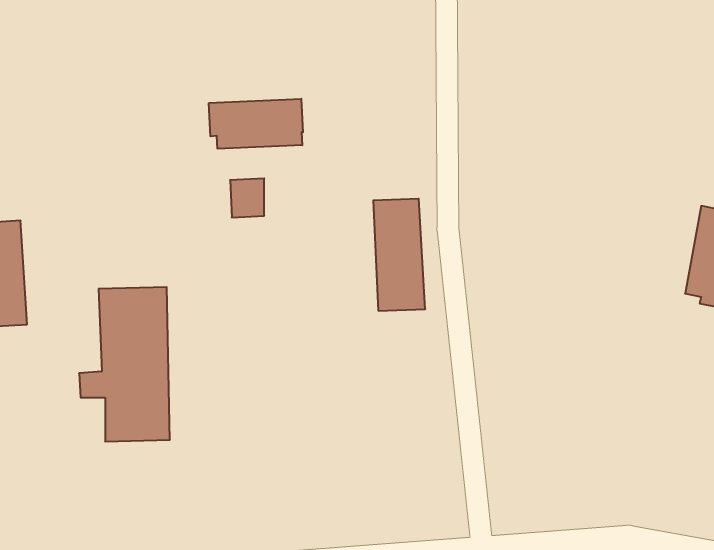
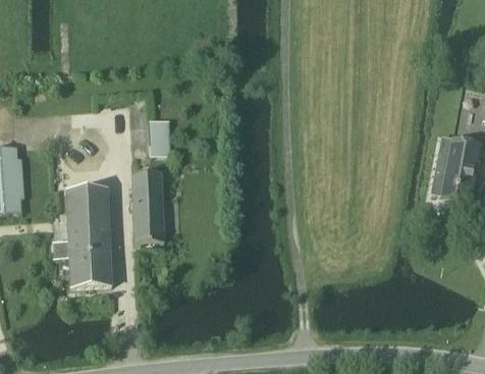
building: [209,99,303,149] -> none
building: [373,199,425,311] -> [131,171,164,242]

